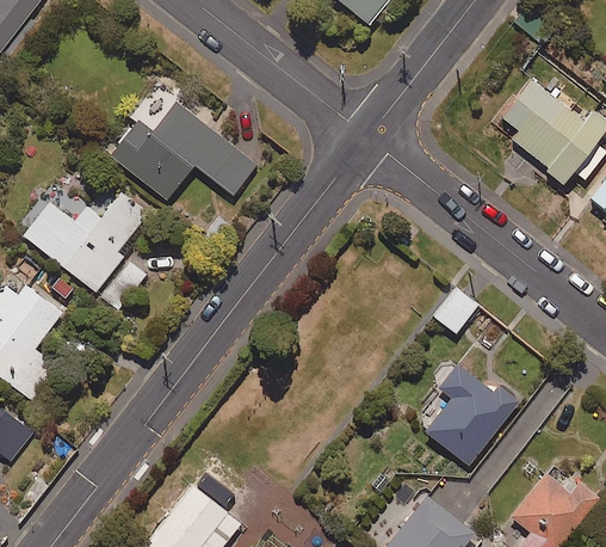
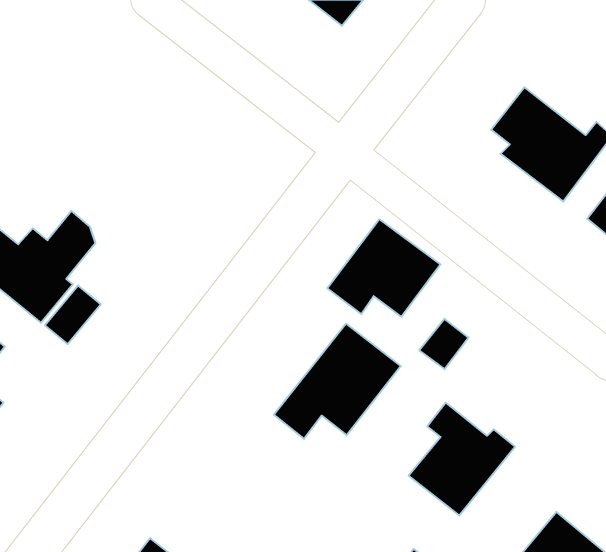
building: [110,85,255,199] -> none
building: none -> [327,219,441,317]
building: none -> [274,324,401,439]

